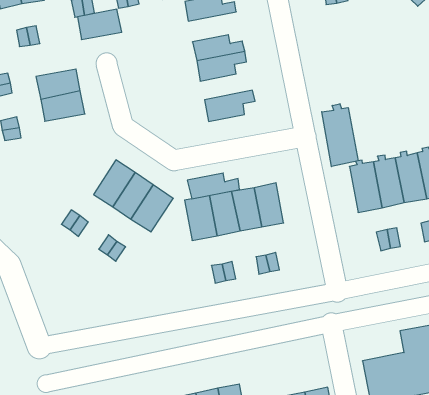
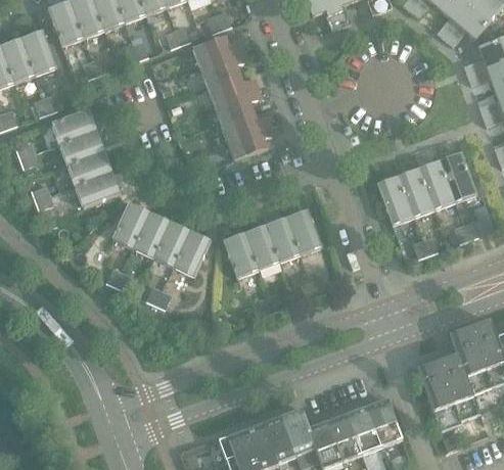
building: [78,9,122,40] -> [52,107,97,142]
building: none -> [198,49,247,85]
building: [322,104,358,167] -> none
building: none -> [75,171,121,206]
building: none -> [112,201,149,247]
building: [187,173,240,199] -> [219,109,271,139]

